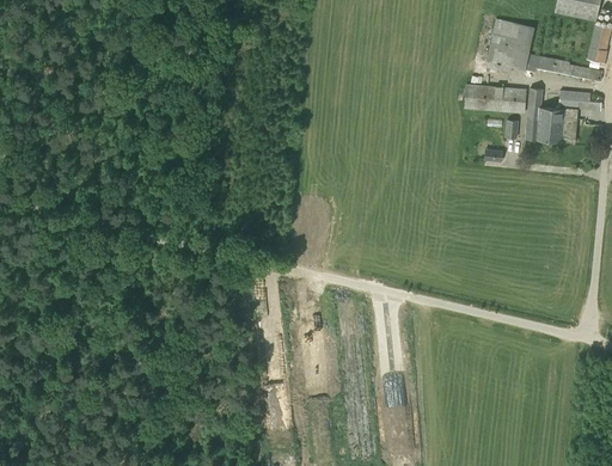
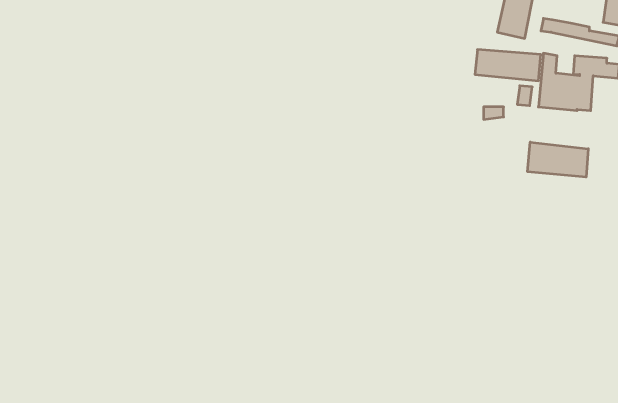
building: none -> [528,142,588,177]

